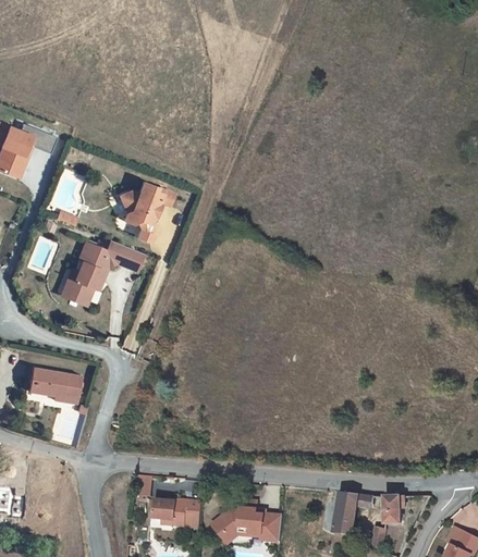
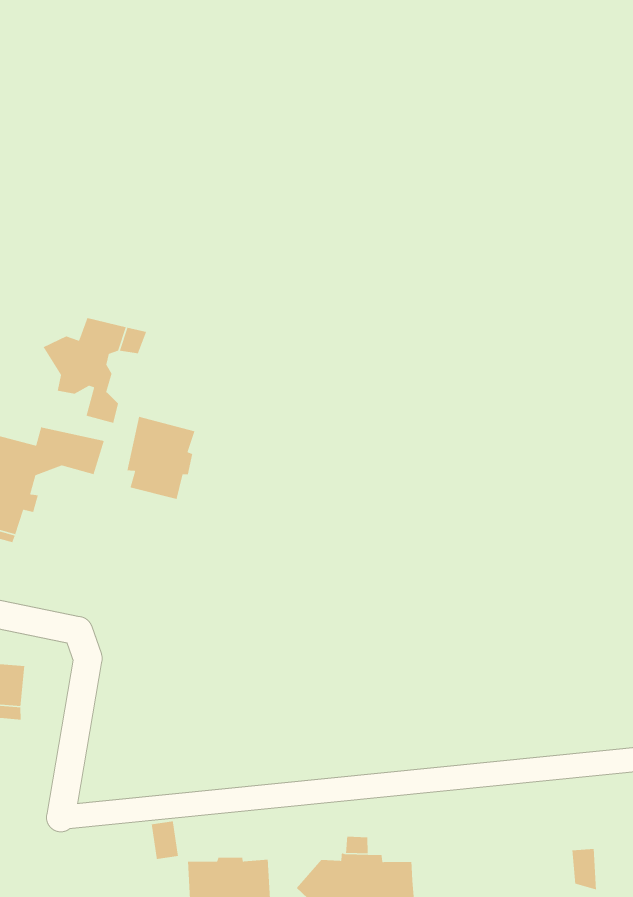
building: none -> [127,416,196,500]
building: [335,491,373,533] -> none
building: [387,494,405,520] -> none

